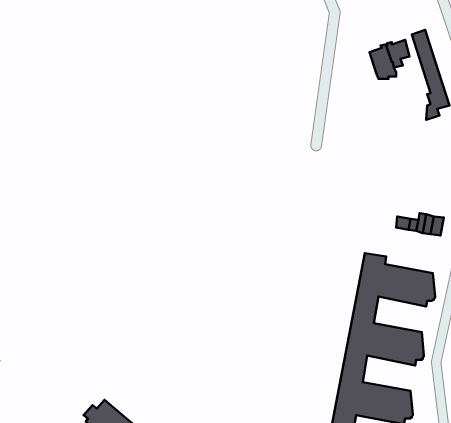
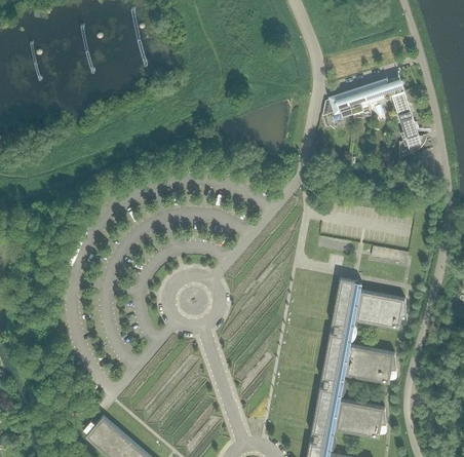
building: none -> [328,93,352,118]

